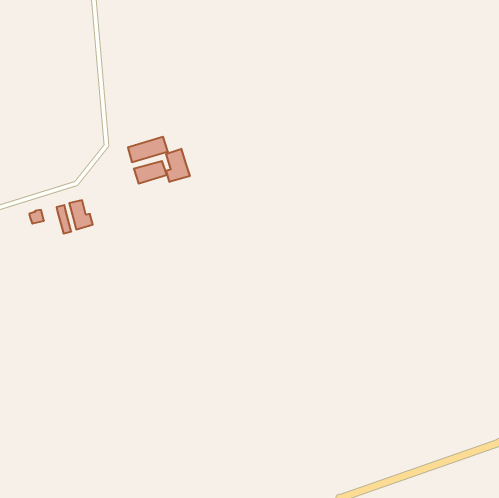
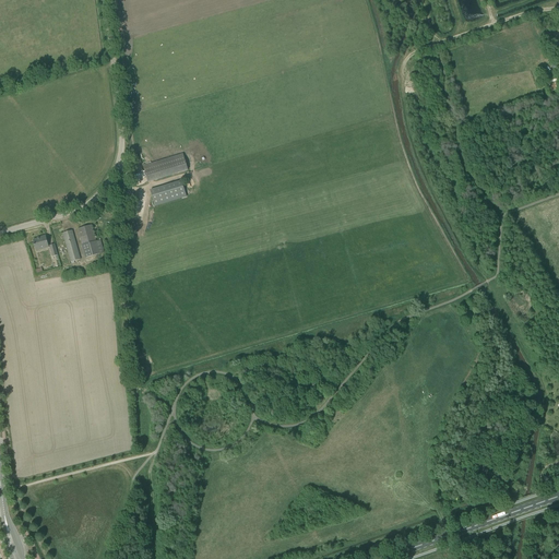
building: [166,149,190,182] -> none

